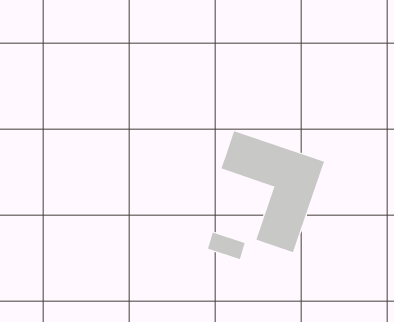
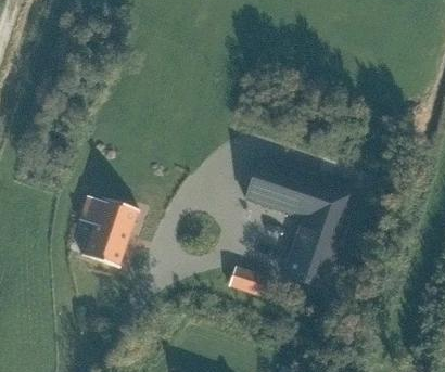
building: none -> [80,196,140,268]

